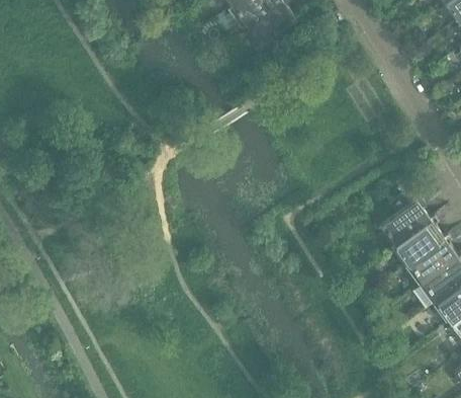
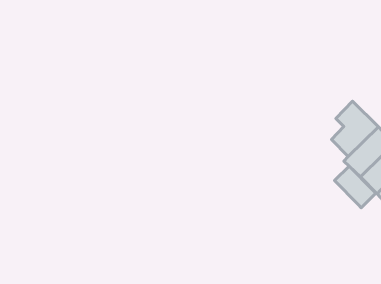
building: none -> [334,166,376,208]

